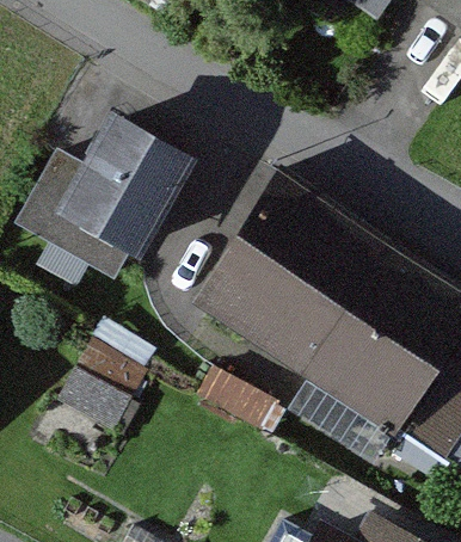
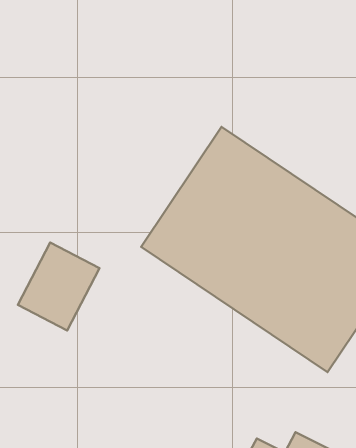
building: [51,122,192,270] -> none

